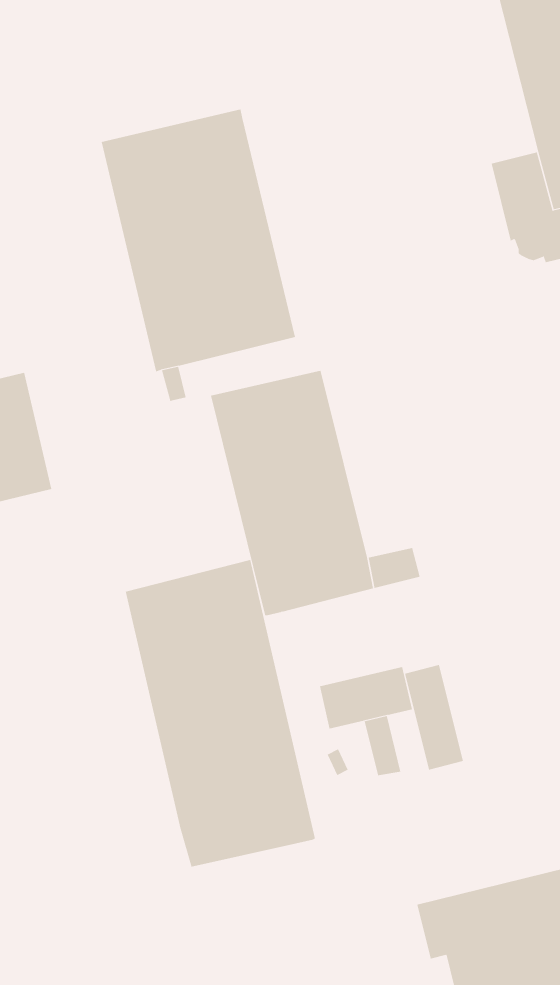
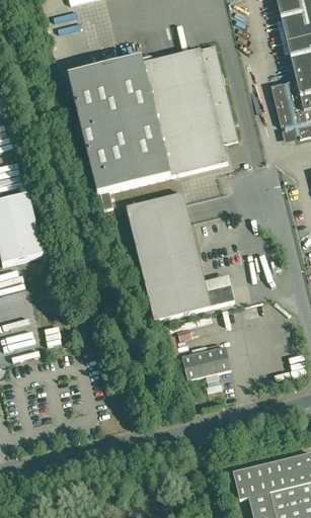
building: none -> [143,44,238,175]
building: [125,559,316,868] -> none
building: [404,664,463,770] -> none

